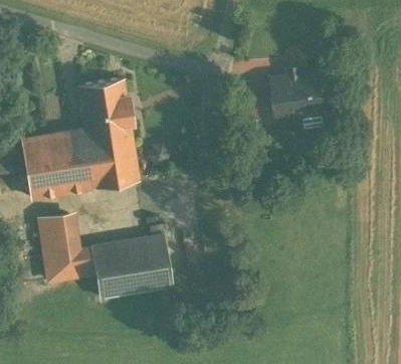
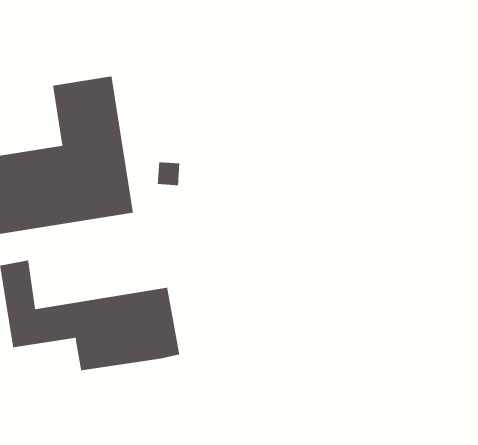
building: [268,64,328,121] -> none

